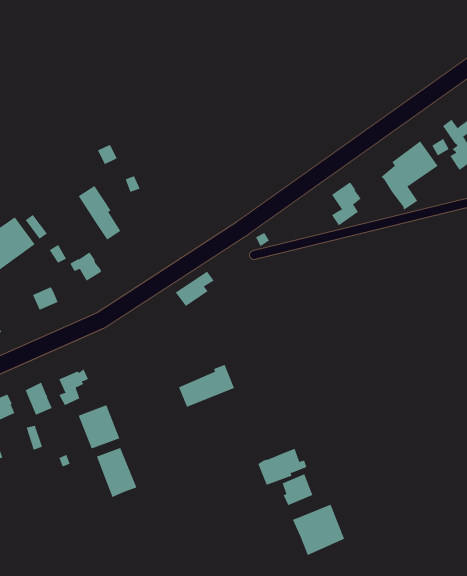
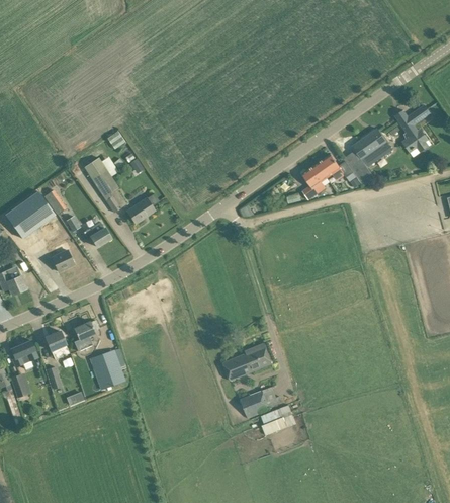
building: none -> [318,153,352,179]
building: [175,271,215,307] -> [125,192,159,223]
building: [178,364,235,408] -> [222,343,270,380]
building: [96,447,137,498] -> none
building: [292,504,345,556] -> none

